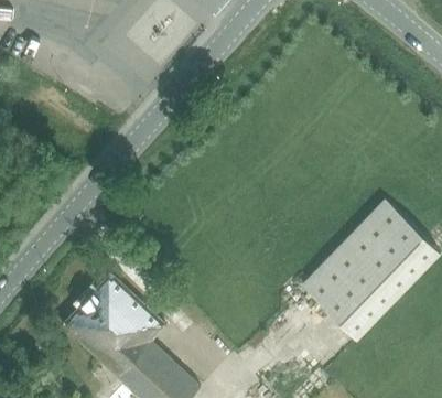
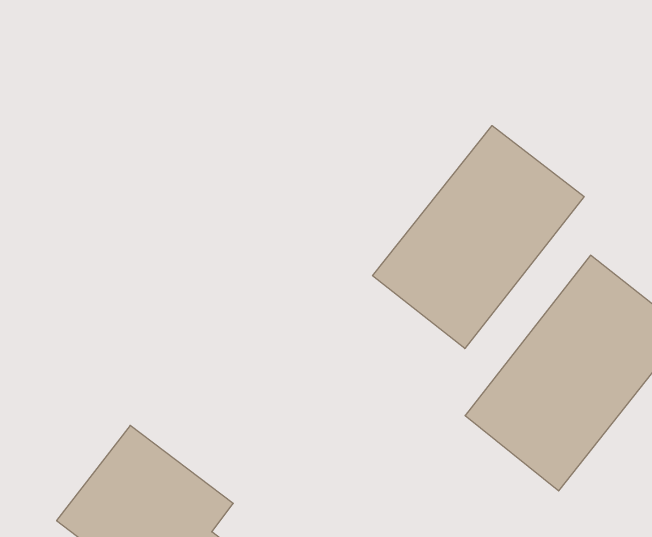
building: none -> [373,126,584,349]

